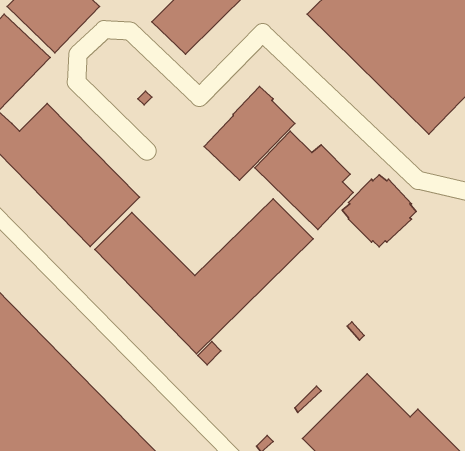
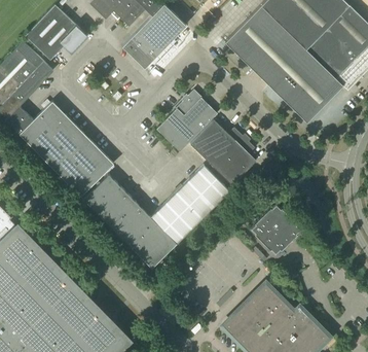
building: [342,175,416,247] -> [251,205,300,253]

